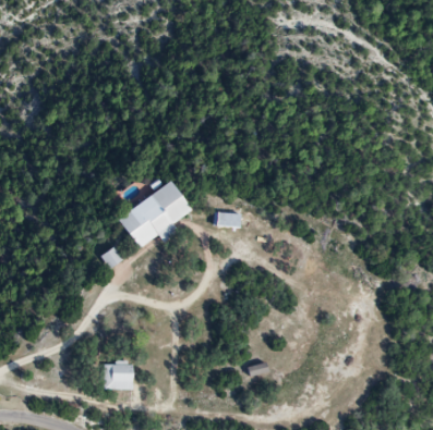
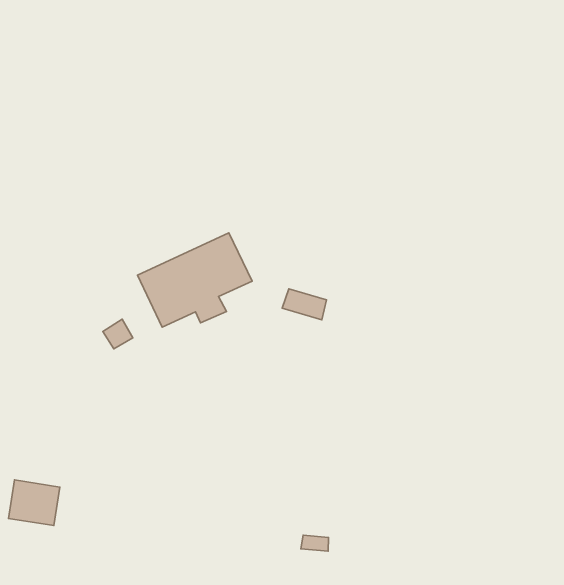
building: [104,364,133,389] -> [8,480,60,526]

